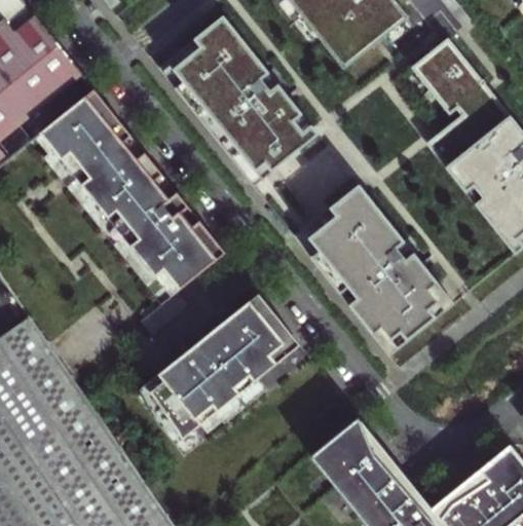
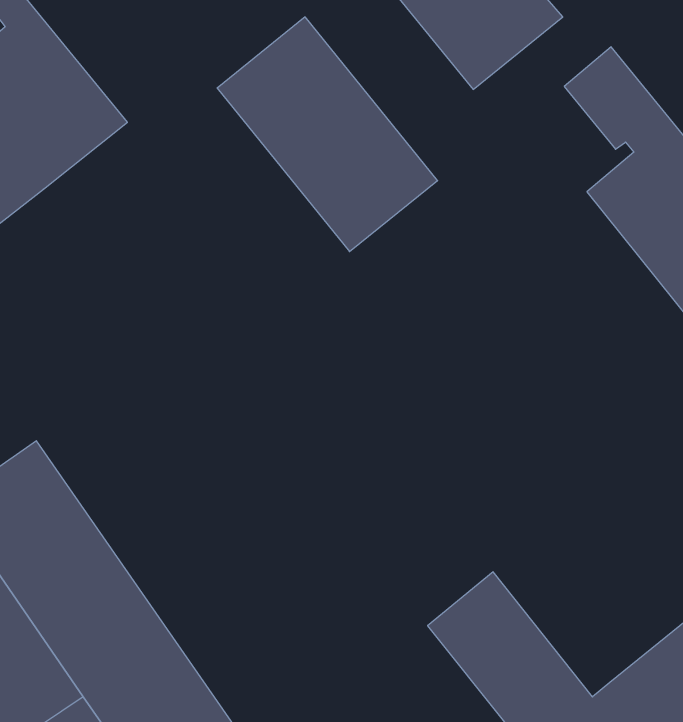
building: [35,90,226,334] -> none
building: [296,183,455,351] -> none
building: [136,292,301,445] -> none

